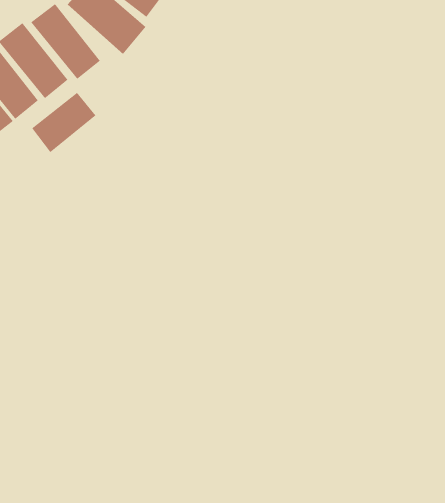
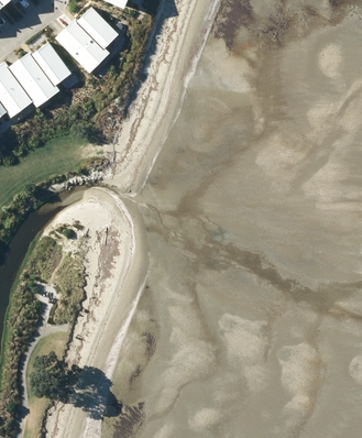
building: [31,92,96,153] -> none

